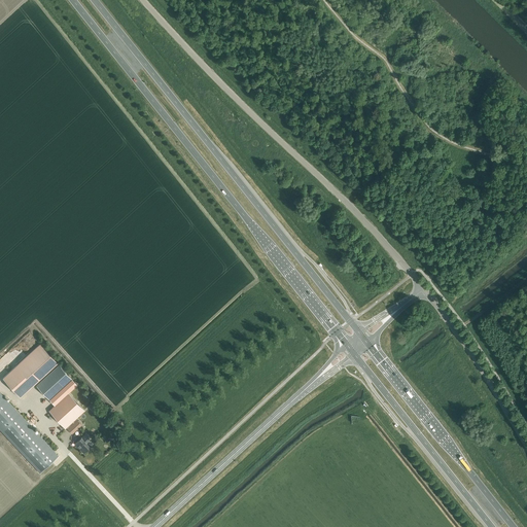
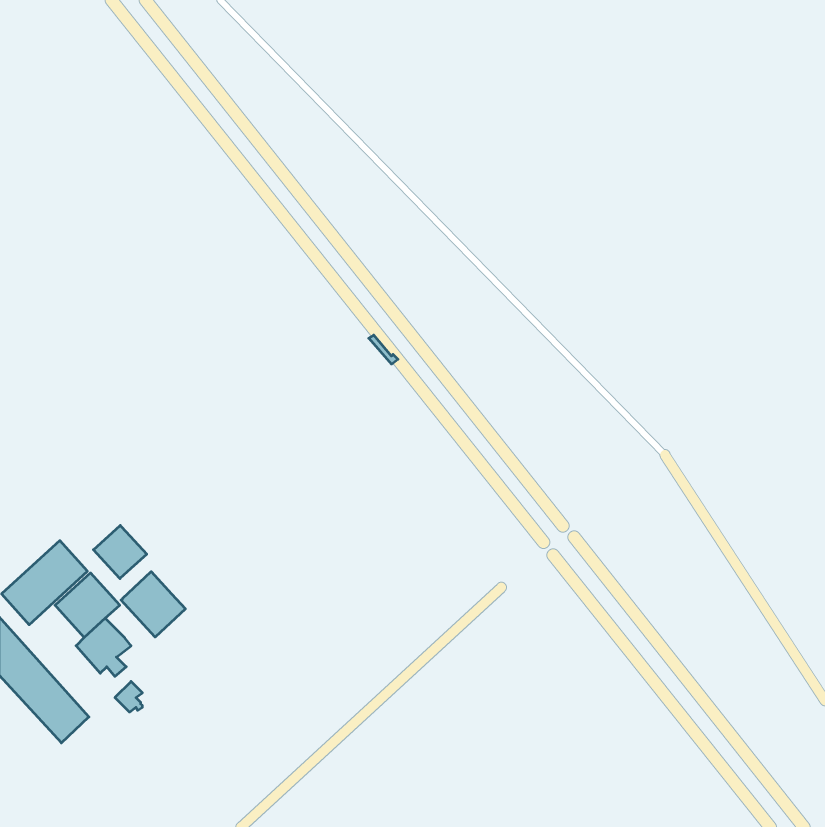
building: none -> [93,525,147,579]
building: none -> [121,572,185,637]

